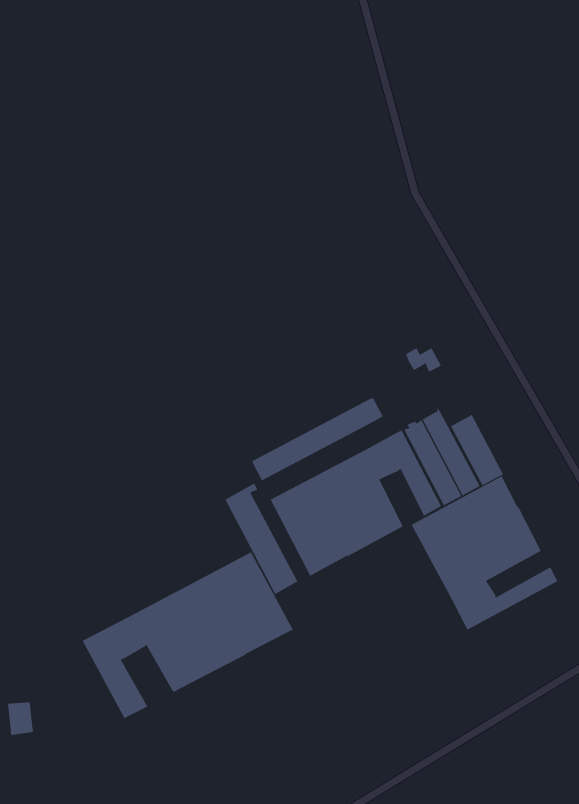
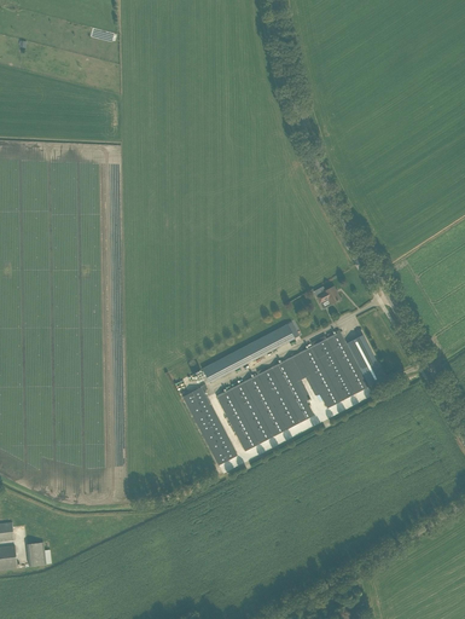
building: [411,476,558,630] -> none
building: [82,551,294,719] -> none

